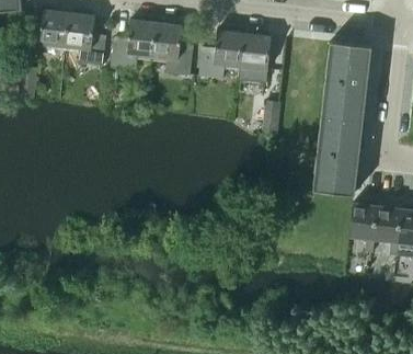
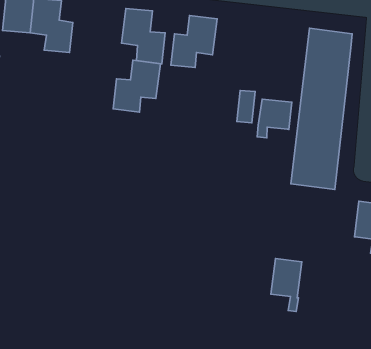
building: [112,20,157,69] -> [113,60,160,112]
building: [239,33,271,69] -> none
building: none -> [257,99,292,138]
building: [348,203,378,253] -> [271,259,302,312]

